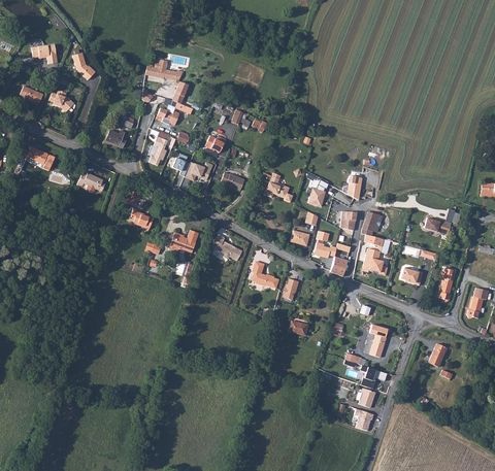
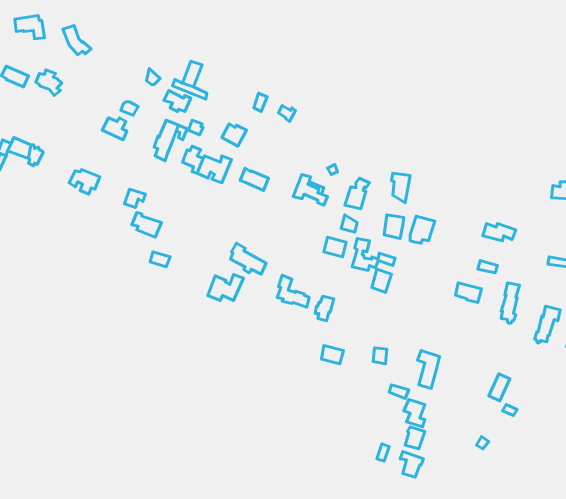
building: [146,59,184,79] -> none
building: [169,230,199,251] -> [208,274,244,300]
building: [363,233,389,274] -> none

